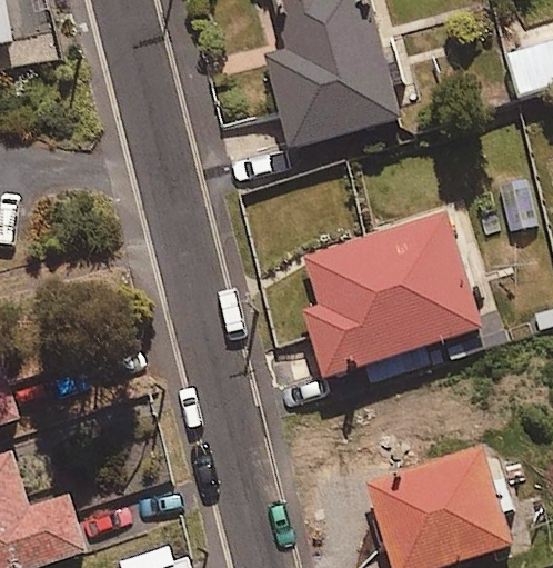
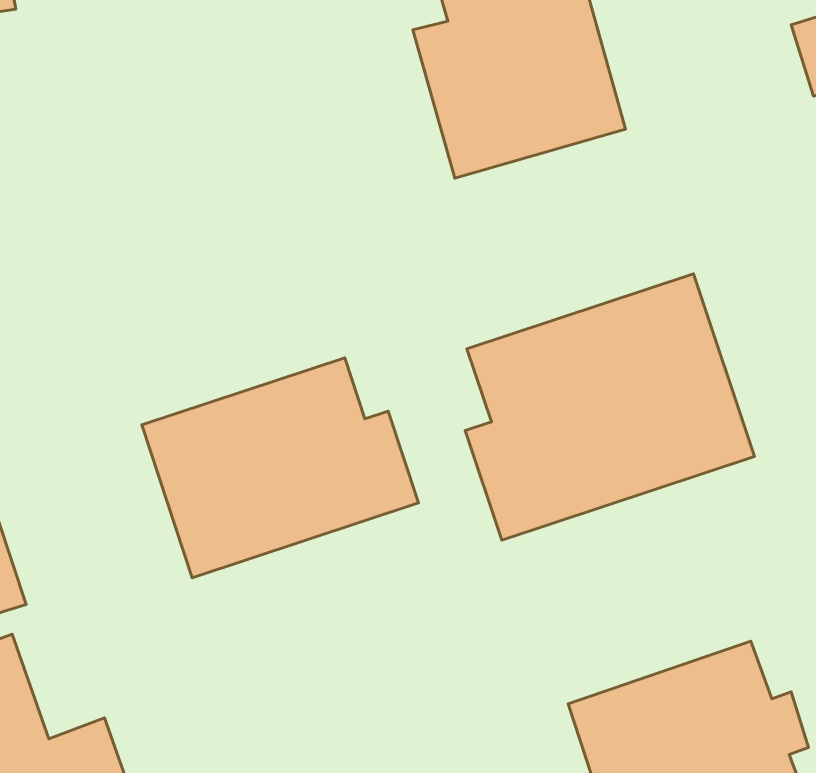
building: none -> [142,358,418,578]

